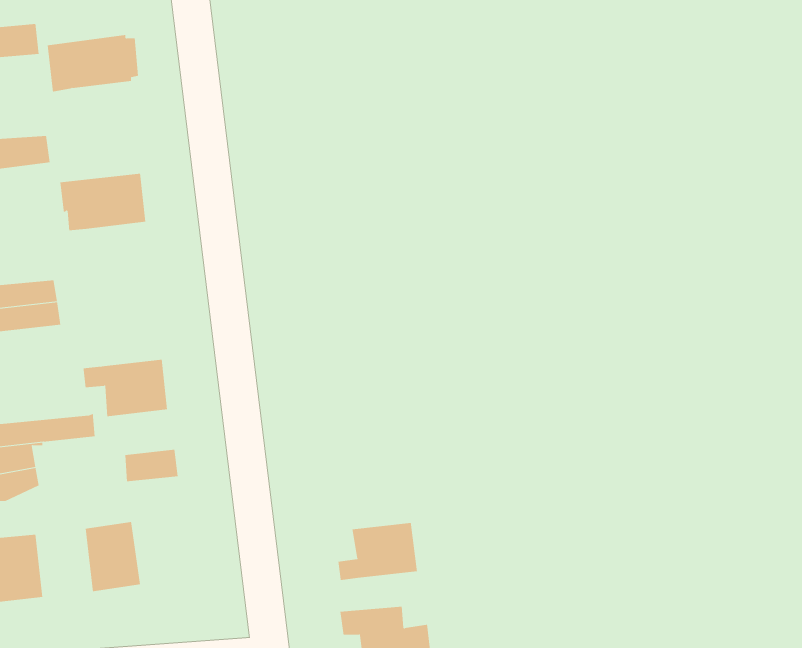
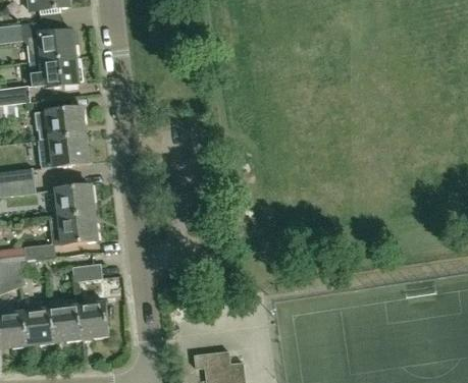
building: none -> [31,55,84,86]
building: none -> [50,134,88,167]
building: none -> [55,184,93,216]
building: none -> [75,300,108,339]
building: [338,522,417,581] -> none
building: none -> [21,308,53,346]

